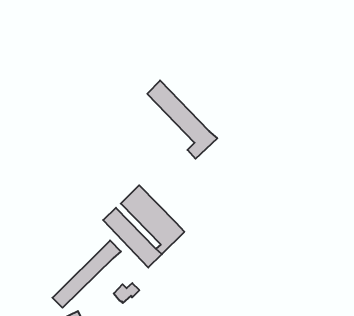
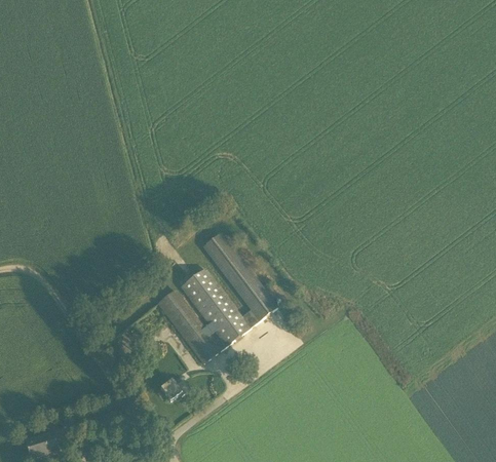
building: [147,80,217,159] -> [203,233,277,328]
building: [52,240,121,308] -> none

